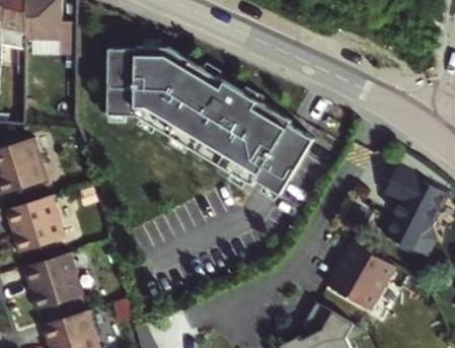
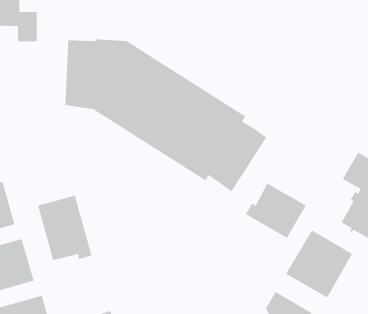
building: none -> [245,183,307,239]
building: none -> [37,195,92,261]

